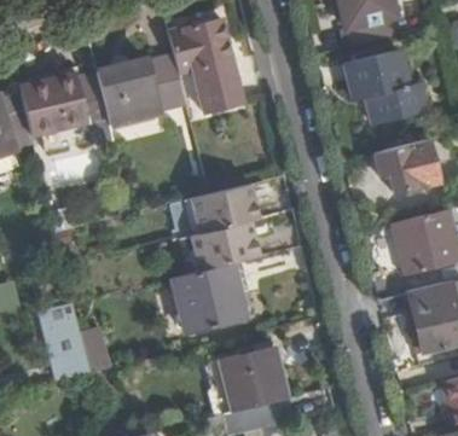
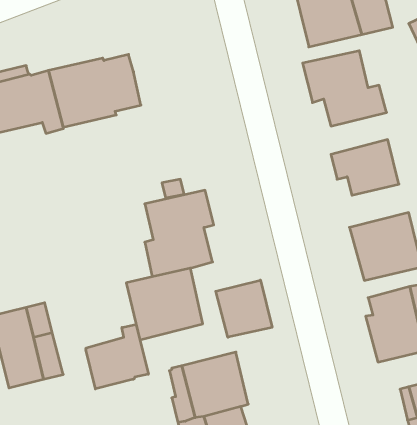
building: [169,19,243,111] -> none
building: none -> [216,280,272,337]
building: none -> [86,324,148,389]

